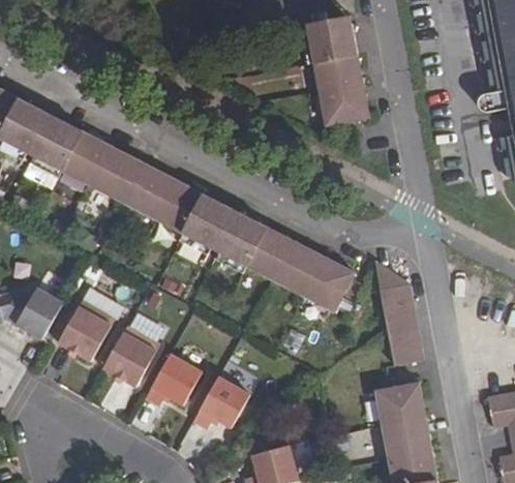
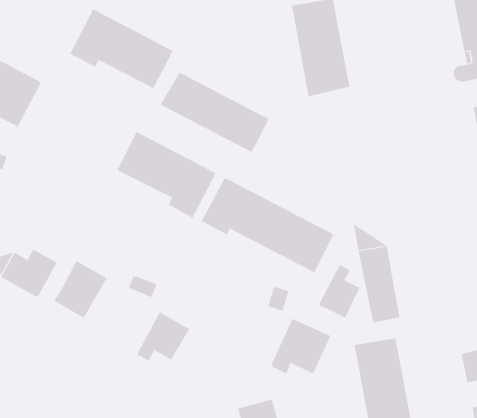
building: none -> [160,72,270,153]
building: [29,116,139,201] -> [69,9,173,89]
building: none -> [318,264,360,318]
building: [102,326,159,387] -> none
building: [196,372,261,431] -> [270,318,331,374]

